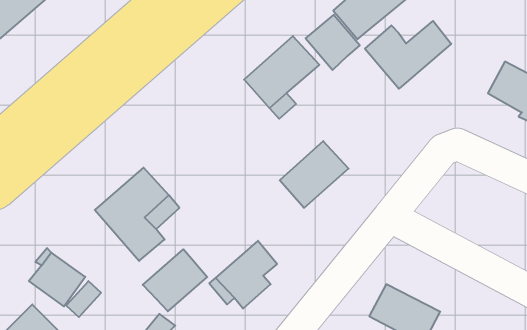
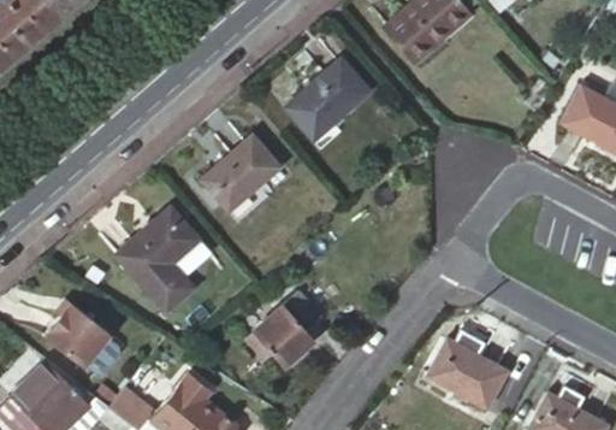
building: [306,15,360,70] -> none
building: [365,21,451,89] -> none
building: [280,141,349,208] -> [202,134,280,210]
building: [143,249,207,311] -> none

